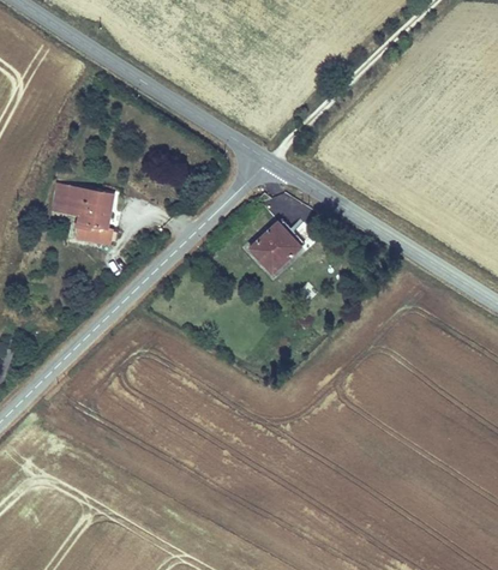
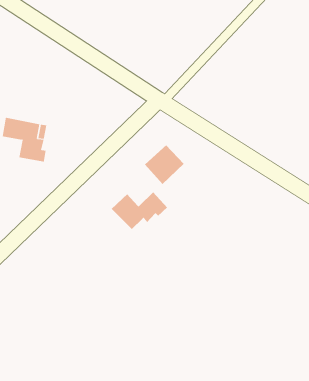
building: none -> [111,191,168,230]

